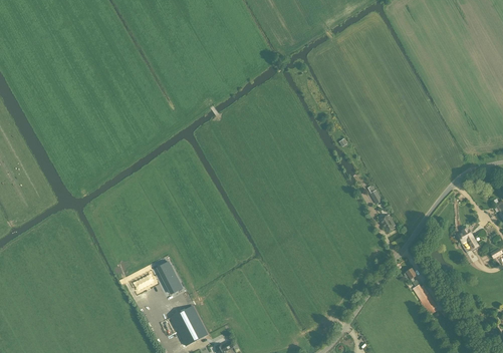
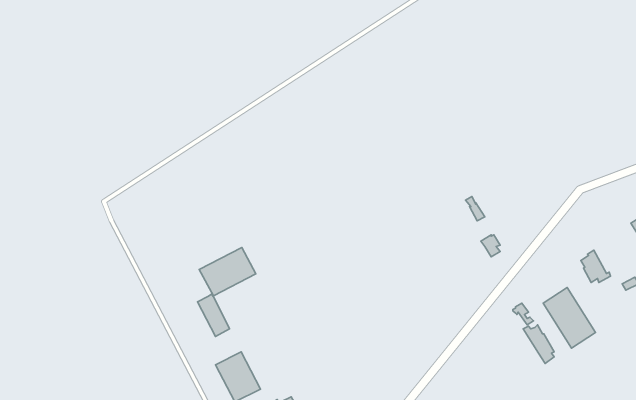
building: none -> [199,247,256,296]
building: none -> [543,287,595,348]

